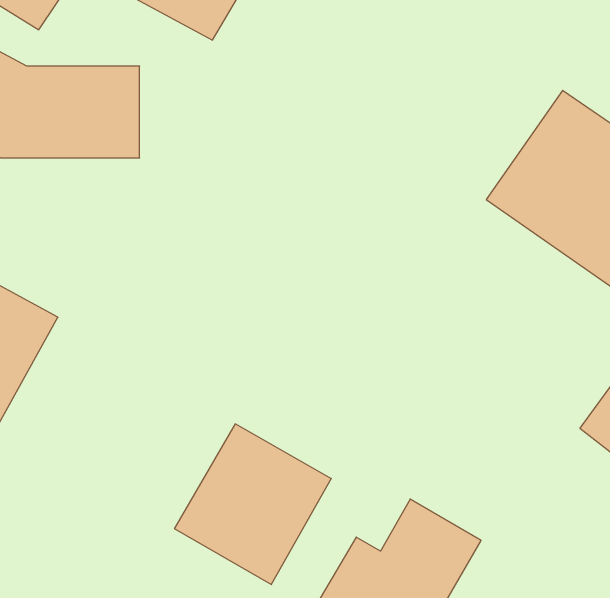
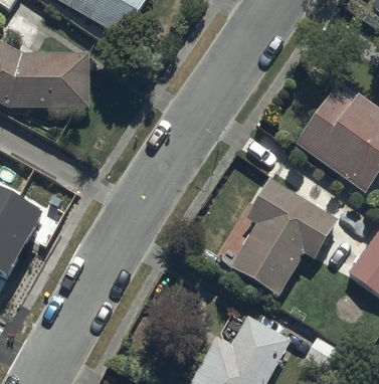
building: none -> [228,176,339,295]
building: [175,424,331,585] -> none

